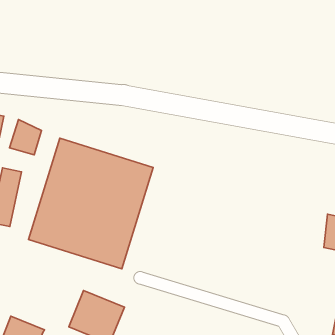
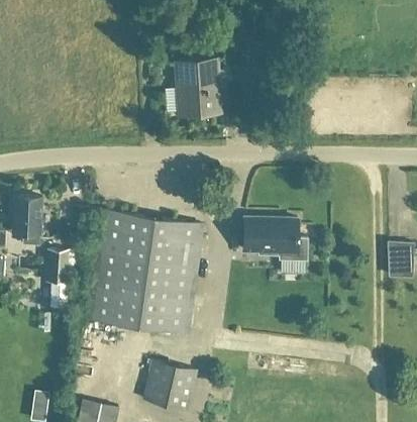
building: none -> [175,59,221,117]
building: [10,119,41,155] -> none
building: none -> [243,218,308,261]

